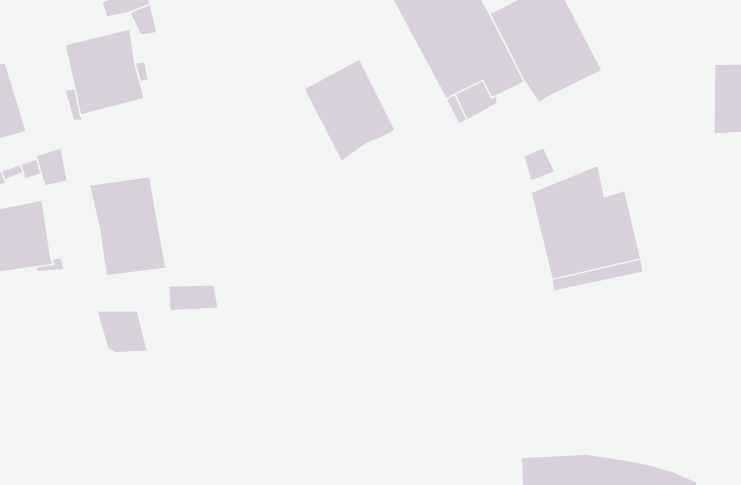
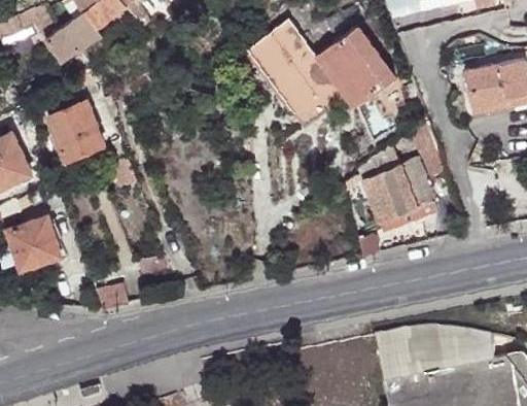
building: [304,59,396,161] -> none
building: [89,177,166,276] -> none

